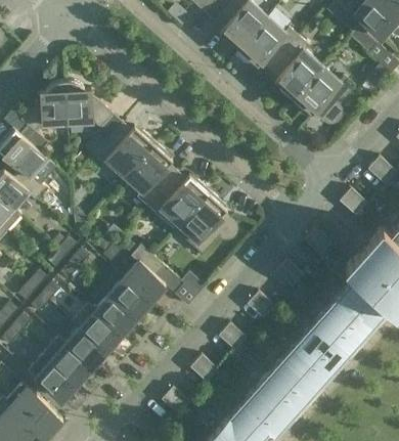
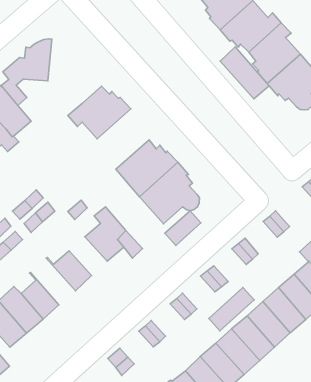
building: none -> [220,47,269,99]
building: [66,82,123,143] -> none
building: [125,143,178,207] -> none
building: none -> [165,211,201,245]
building: [109,279,149,318] -> none
building: [73,306,121,352] -> none
building: none -> [209,288,254,331]

